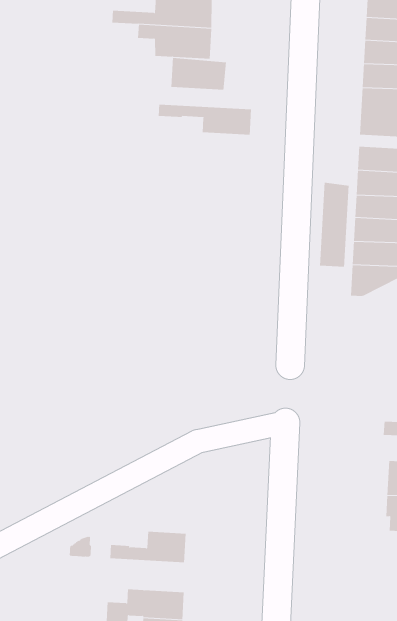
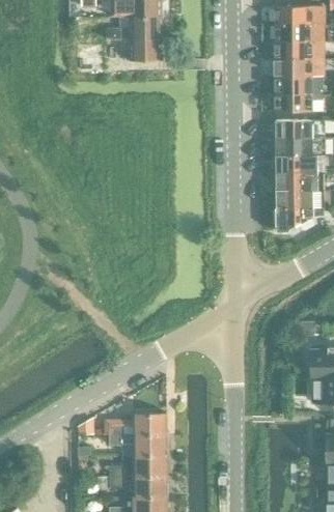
building: [171,57,227,91] -> none
building: [158,104,252,136] -> none
building: [319,182,349,268] -> none
building: none -> [109,434,166,456]

